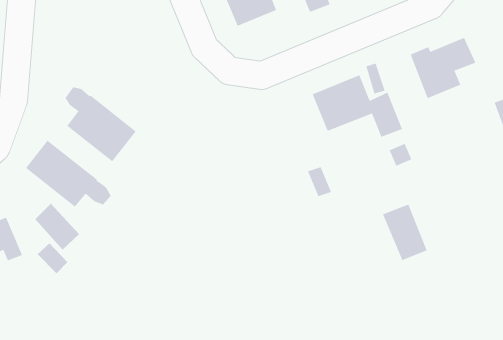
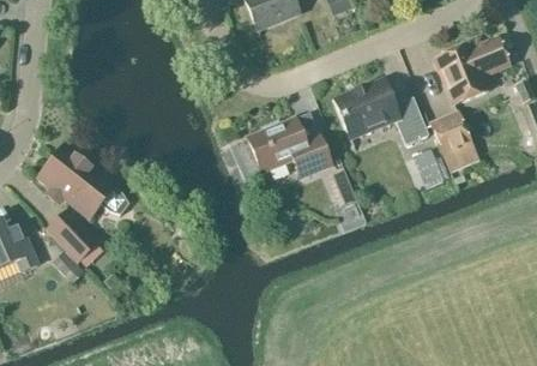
building: [65,87,137,162] -> none
building: none -> [247,118,331,176]
building: [382,204,427,261] -> [430,112,477,170]

